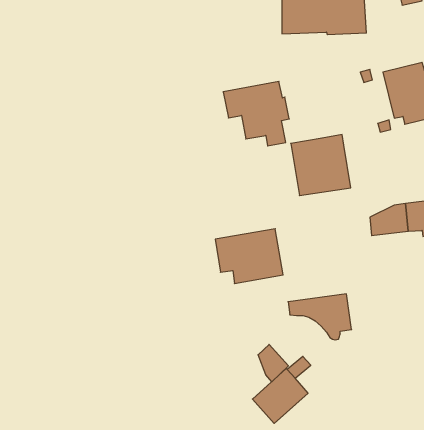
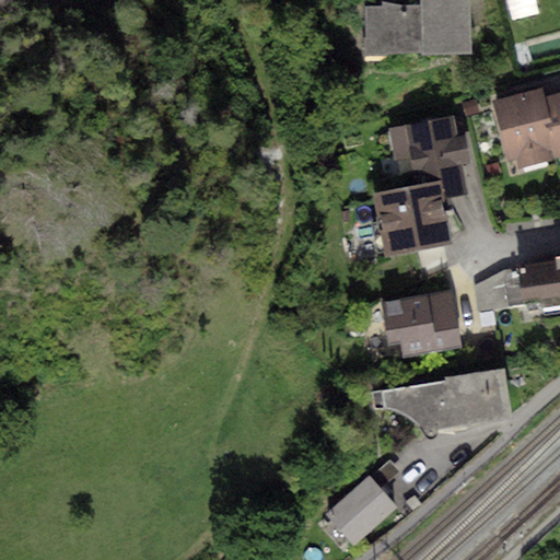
building: [223,81,289,146] -> [386,113,469,194]
building: [215,229,283,284] -> [378,288,464,357]
building: none -> [444,368,512,425]
building: [258,344,288,382] -> none

